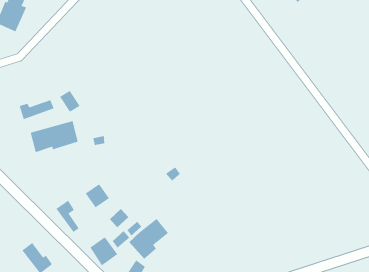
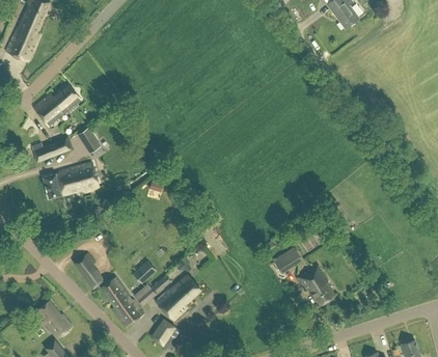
building: none -> [33,84,82,127]
building: [85,183,110,208] -> [101,276,129,304]
building: none -> [273,247,302,273]
building: none -> [298,265,334,305]

